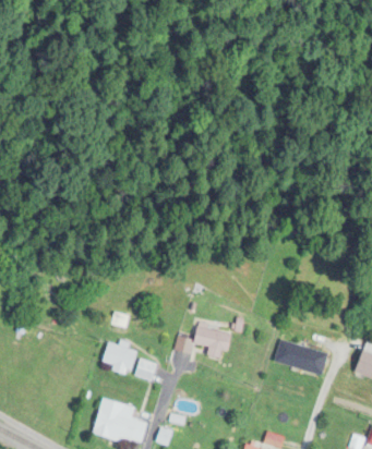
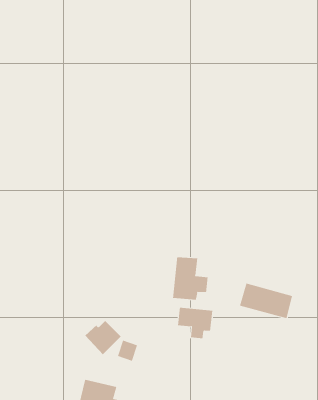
building: none -> [173,256,208,301]
building: [274,338,327,374] -> [239,283,293,319]

